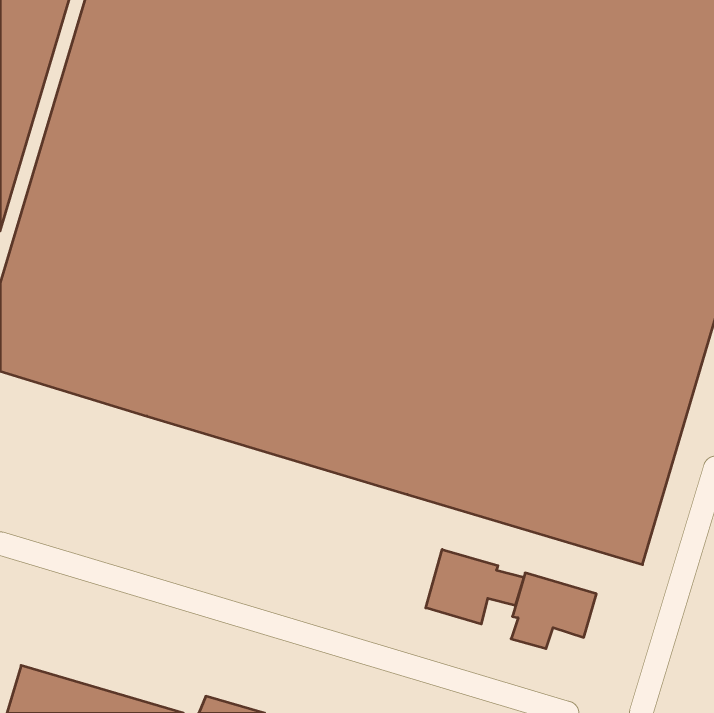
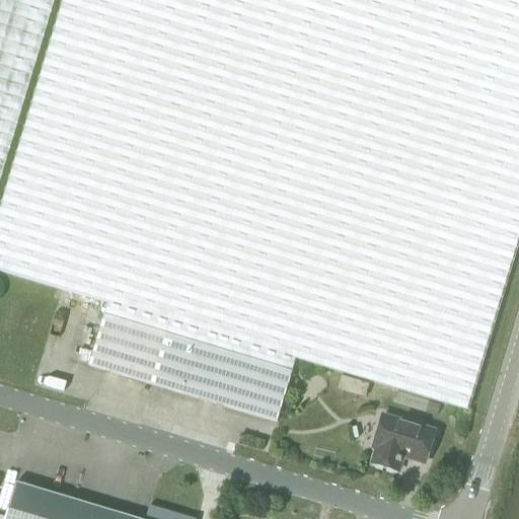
building: none -> [89,301,296,421]
building: [426,549,524,624] -> none

